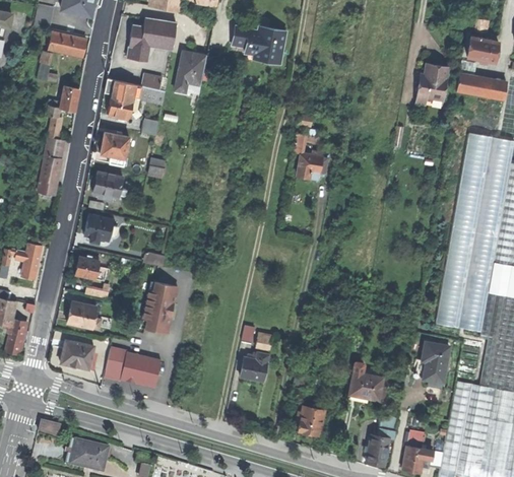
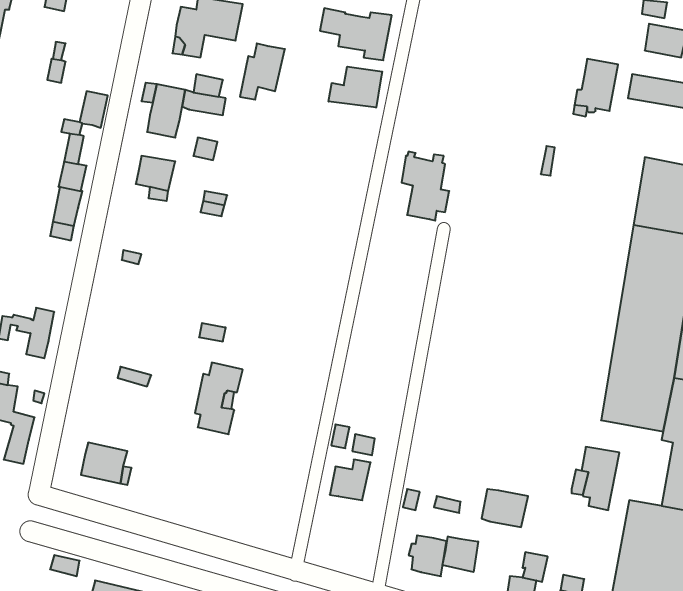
building: [48,30,85,56] -> none
building: none -> [329,67,382,108]
building: [92,171,123,200] -> none
building: [84,214,116,242] -> none
building: [74,256,99,278] -> none
building: [67,300,97,328] -> none
building: [104,347,160,387] -> none
building: none -> [443,536,478,572]

